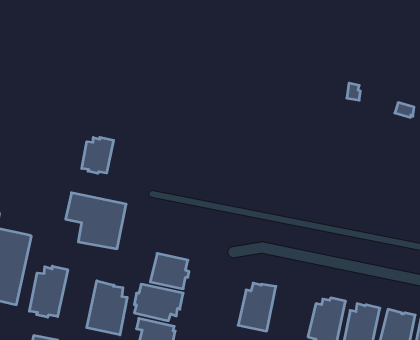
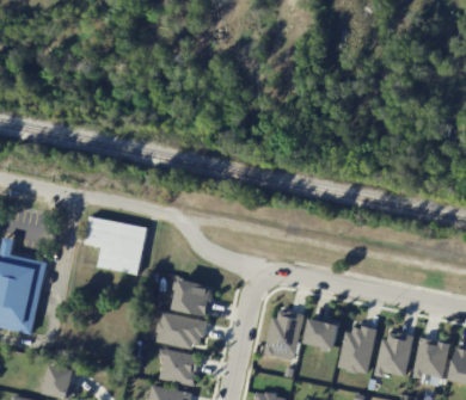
building: [82,137,114,173] -> none
building: [29,266,68,317] -> none
building: [87,281,127,335] -> none
building: none -> [305,319,338,352]

